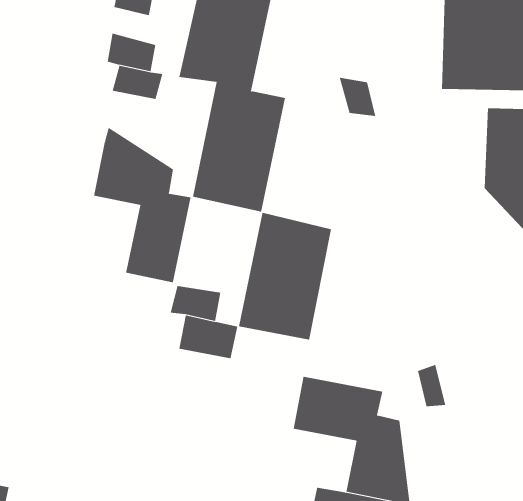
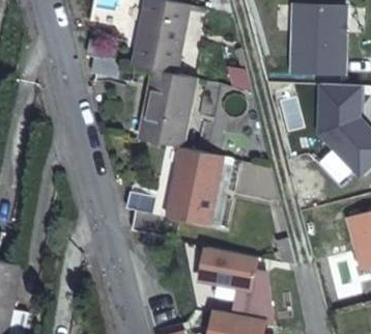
building: [94,127,191,283] -> none

